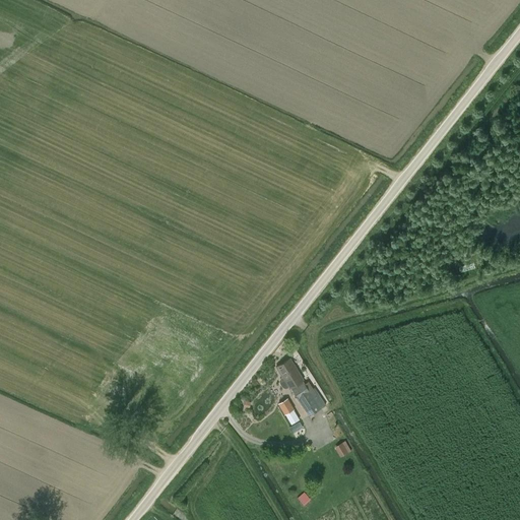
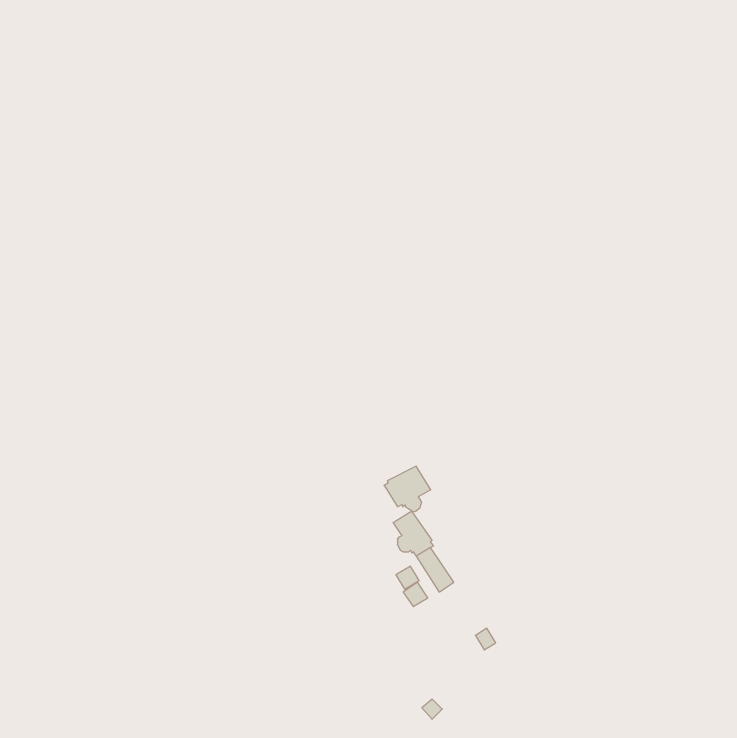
building: none -> [384,466,431,512]

